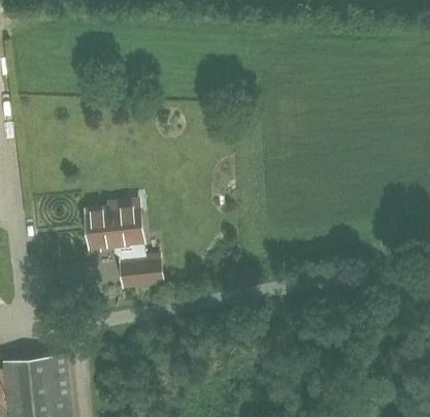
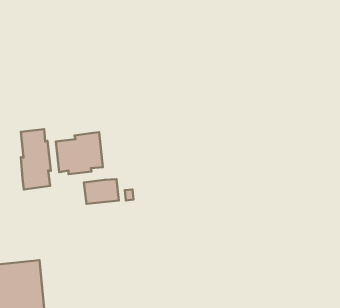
building: none -> [21,129,51,189]

